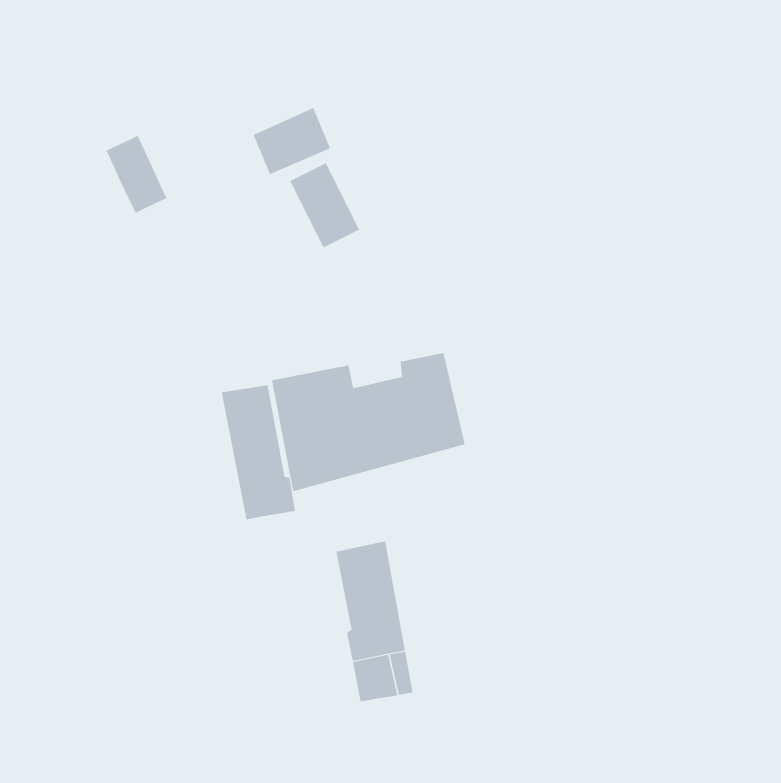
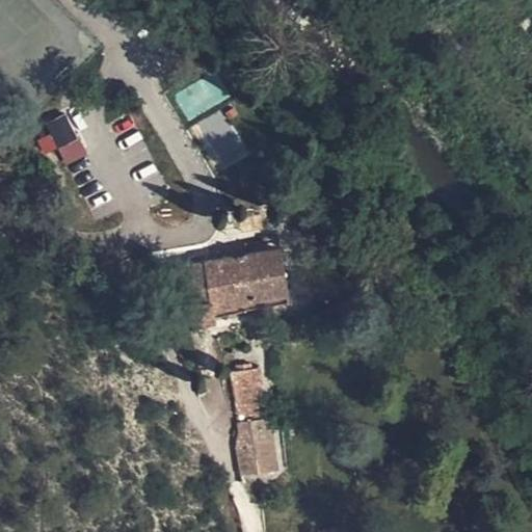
building: [106,135,167,213] -> [44,112,85,165]
building: [221,384,296,520] -> none

